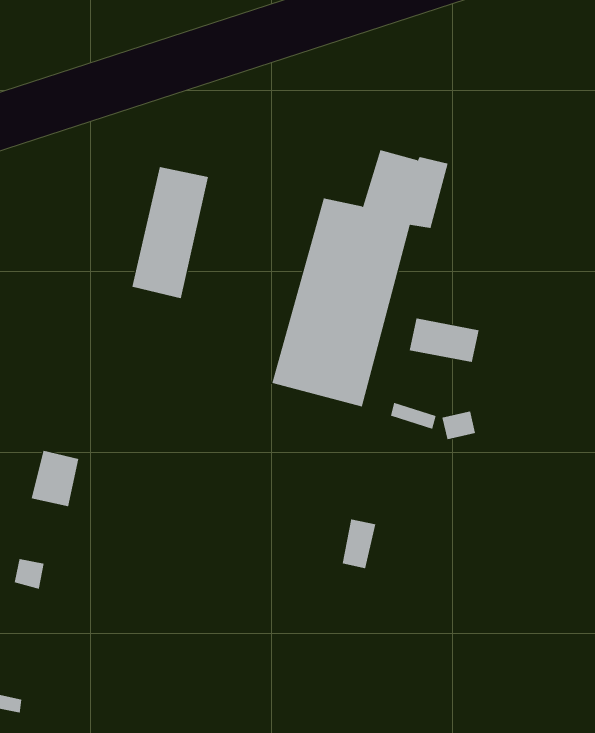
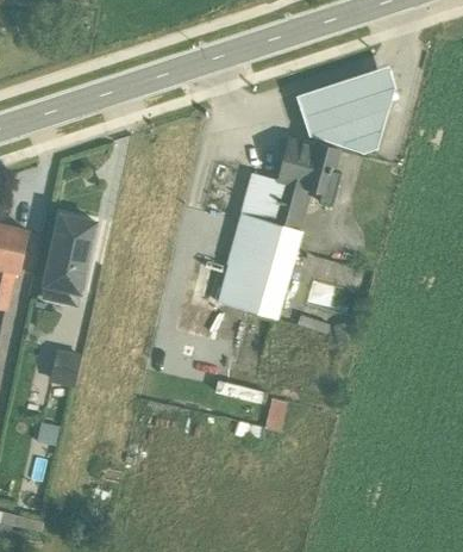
building: none -> [294,61,393,145]
building: [132,166,209,299] -> [42,216,95,308]

